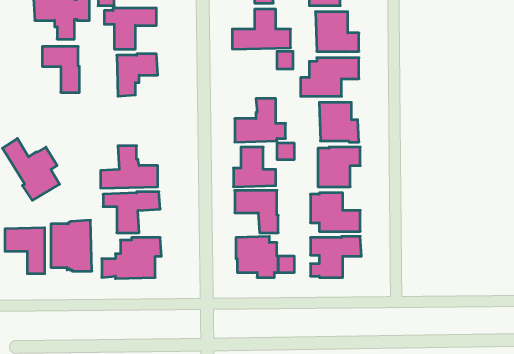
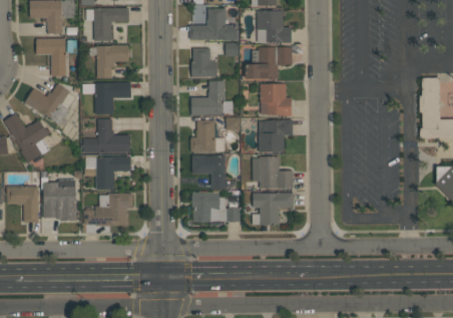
building: none -> [191,48,217,77]
building: none -> [82,82,130,114]
building: none -> [25,84,75,124]

